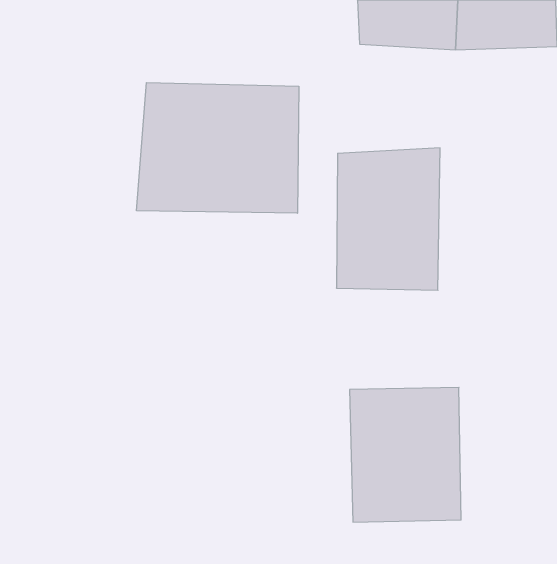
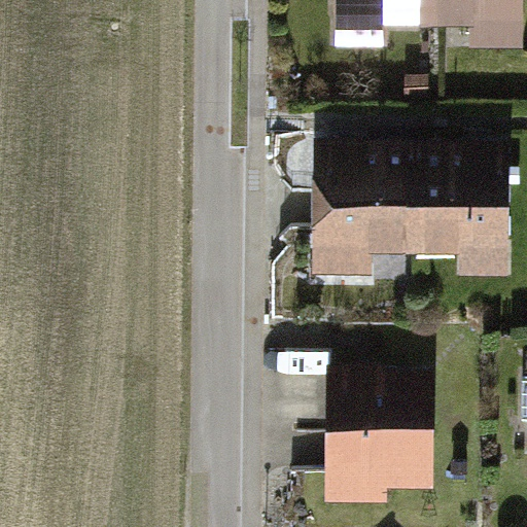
building: [137,83,299,213] -> none
building: none -> [409,138,503,275]

